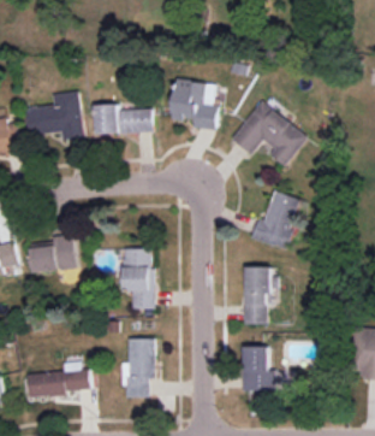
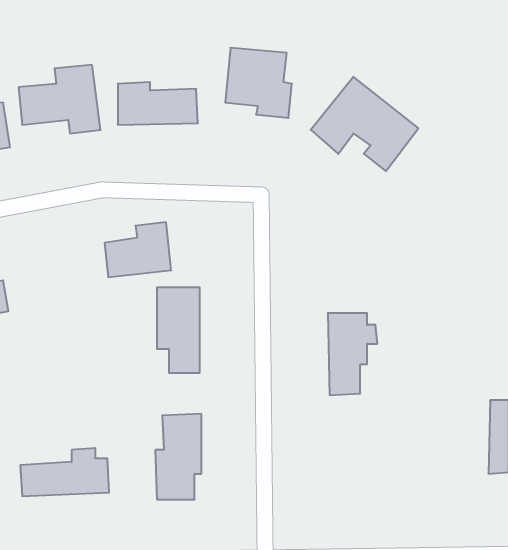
building: [250,190,299,249] -> none
building: [30,234,77,272] -> [105,222,171,277]
building: [242,346,274,390] -> none

